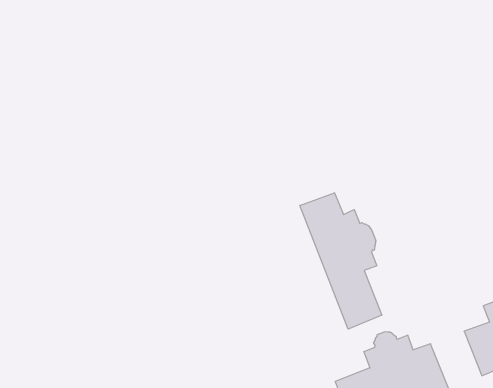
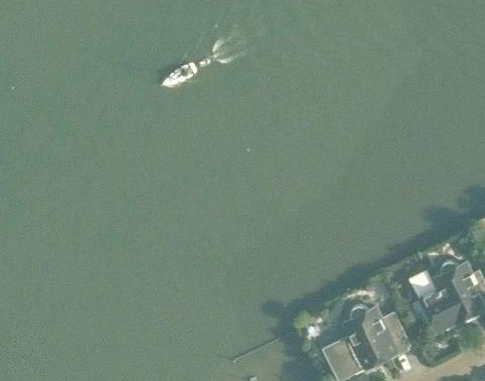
building: [300,193,382,329] -> none

